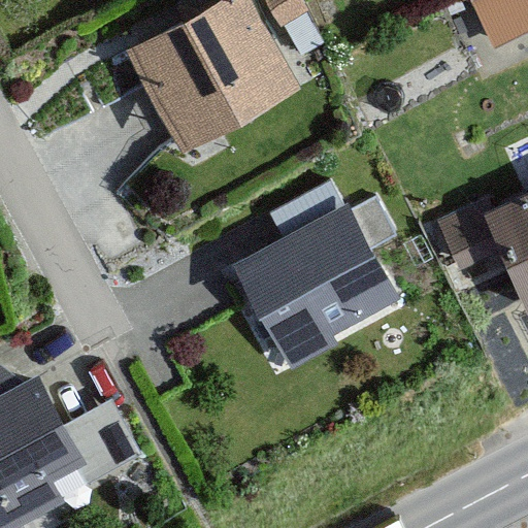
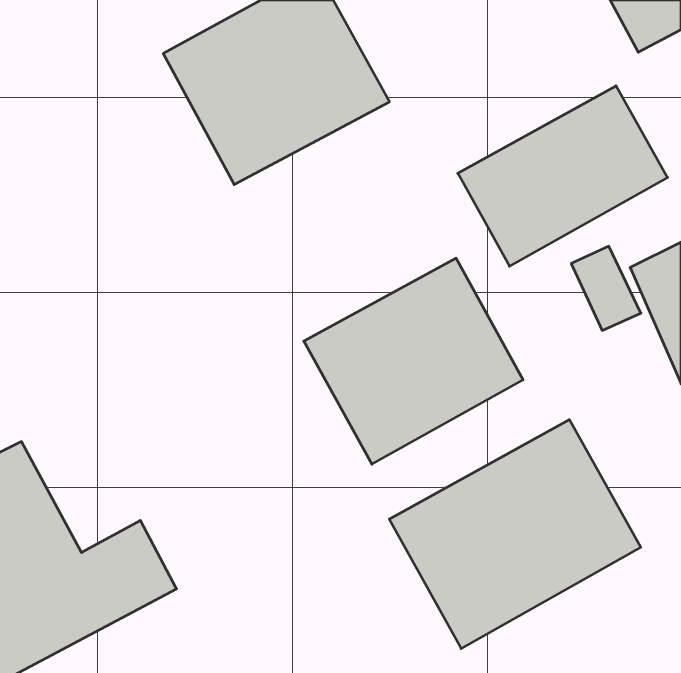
building: none -> [458,86,668,266]
building: none -> [389,420,641,649]

